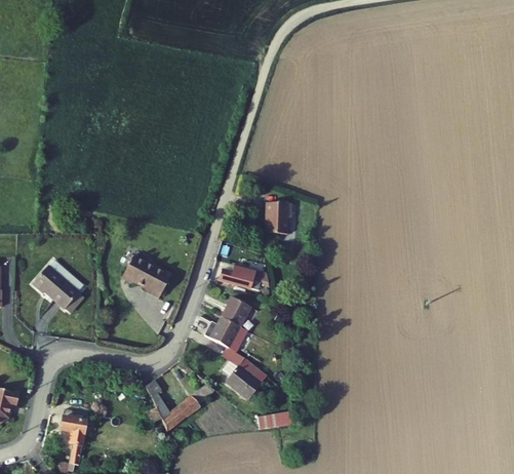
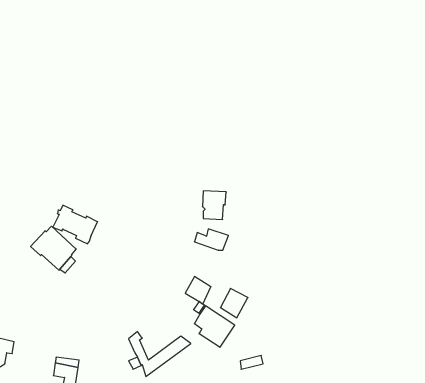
building: [266,199,292,231] -> [202,191,226,219]
building: [117,251,167,294] -> [53,205,98,244]
building: [220,298,250,330] -> [220,288,248,318]

